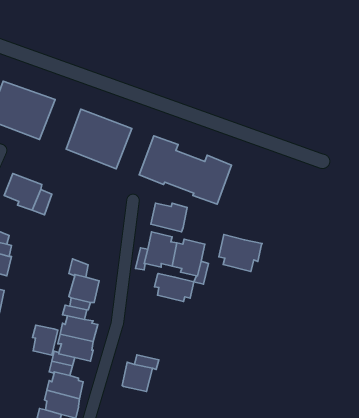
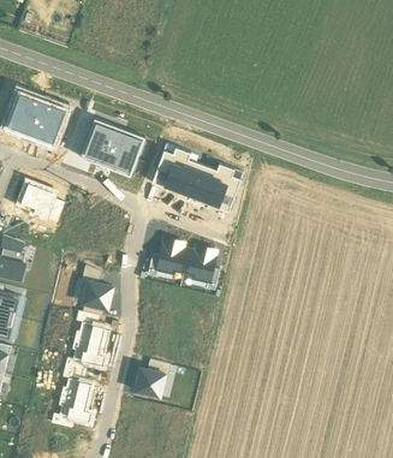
building: [151,203,187,232] -> none
building: [219,235,262,272] -> none
building: [155,274,194,302] -> none
building: [33,325,58,355] -> none

